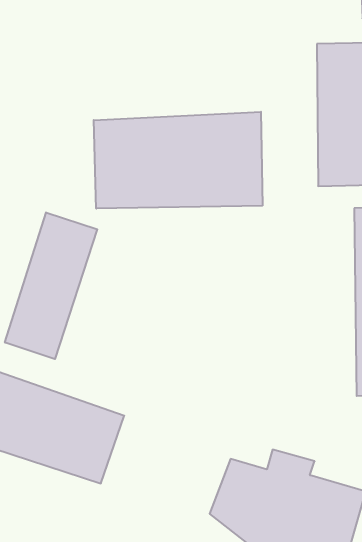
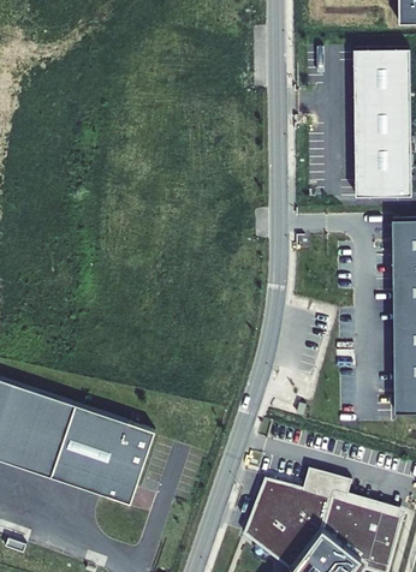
building: [94,112,262,209] -> none
building: [5,212,97,359] -> none

